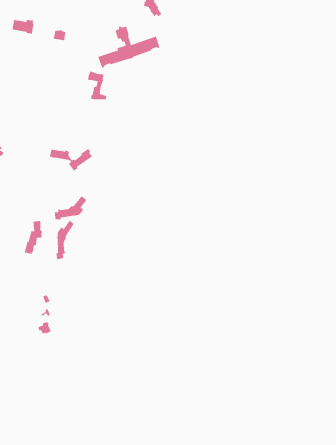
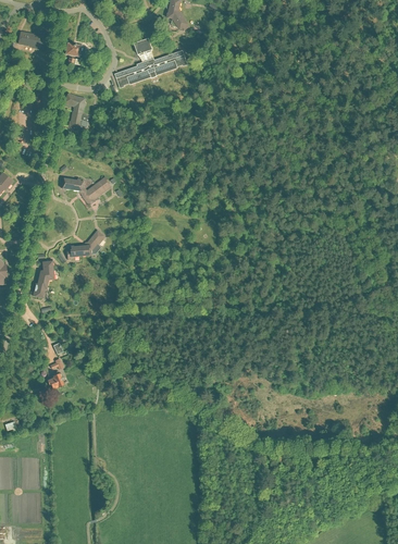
building: [87,70,107,100] -> [65,94,88,127]
building: [55,220,74,260] -> none

